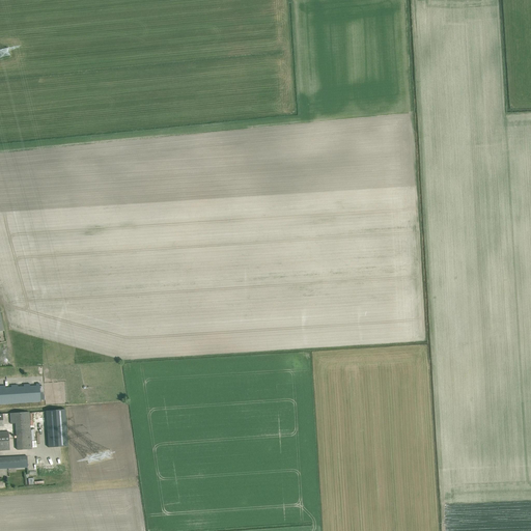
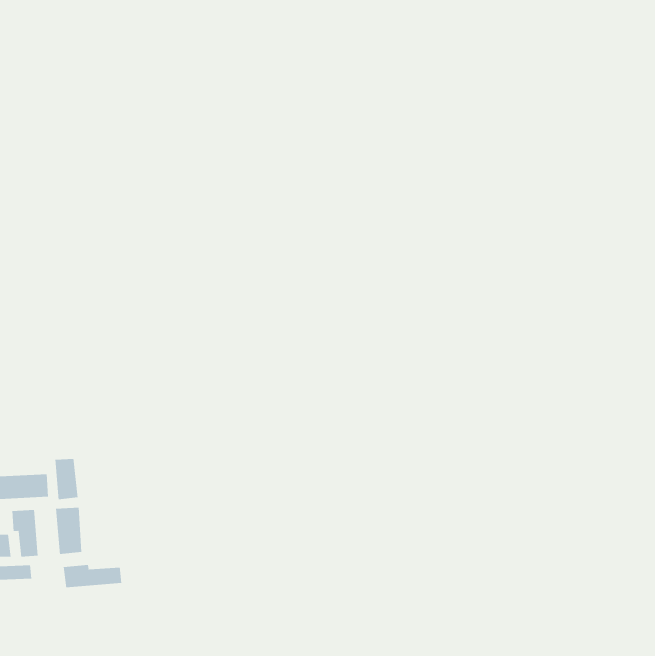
building: none -> [55,458,78,500]
building: none -> [63,564,122,588]

